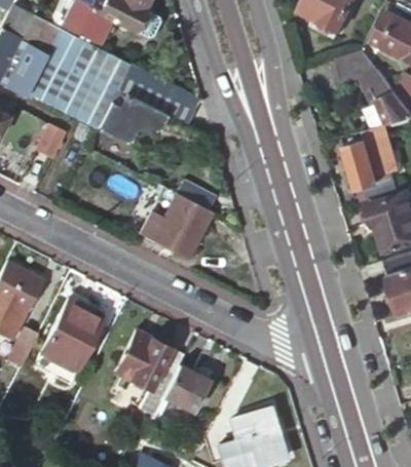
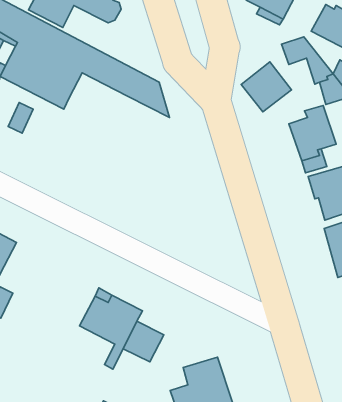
building: none -> [241,62,292,112]
building: [103,91,167,145] -> none
building: [140,193,213,260] -> none
building: [41,297,104,371] -> none

